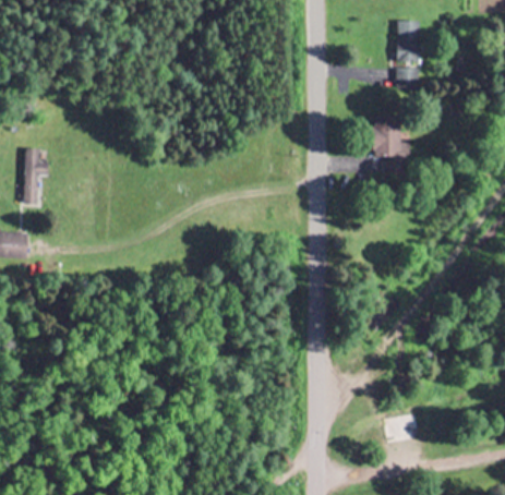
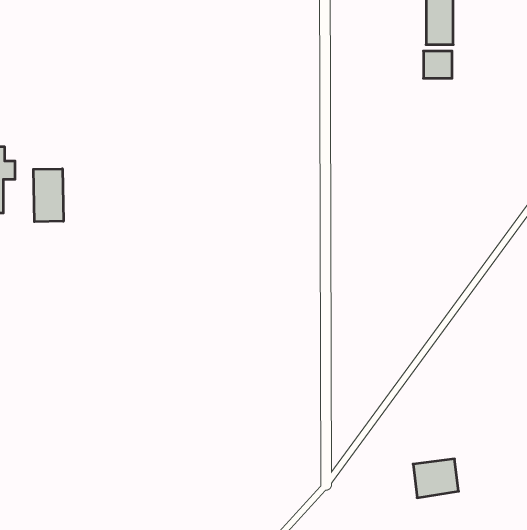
building: [373,116,408,156] -> none
building: none -> [33,169,63,222]

